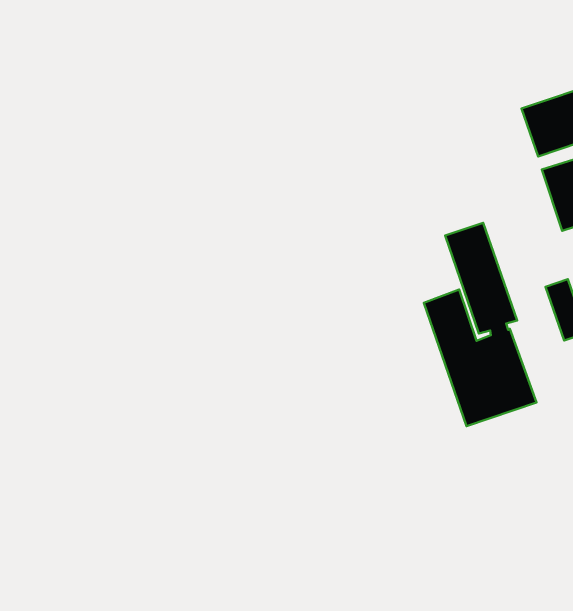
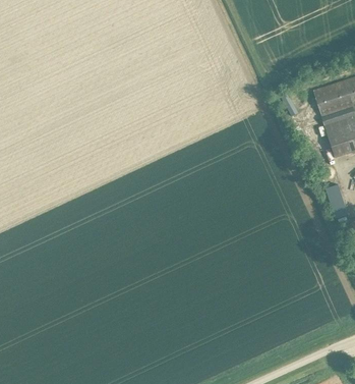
building: [424,223,536,426] -> none

